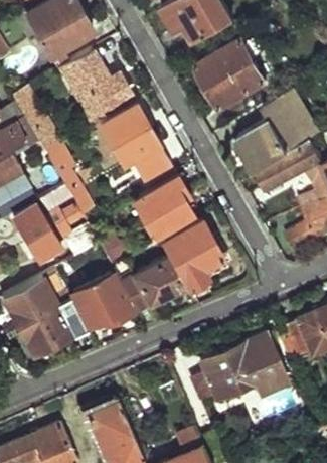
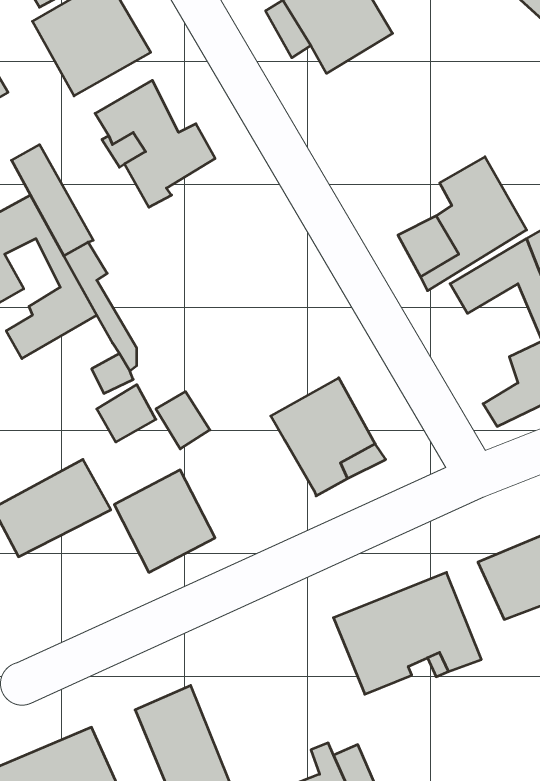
building: [195,41,266,111] -> none
building: [101,106,171,184] -> none
building: [134,177,197,240] -> none
building: [12,185,70,258] -> none
building: [109,258,187,310] -> none
building: [16,298,84,355] -> none

